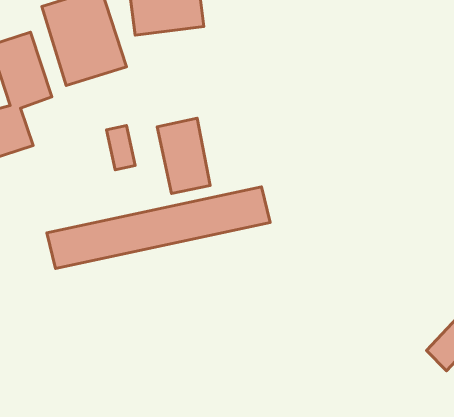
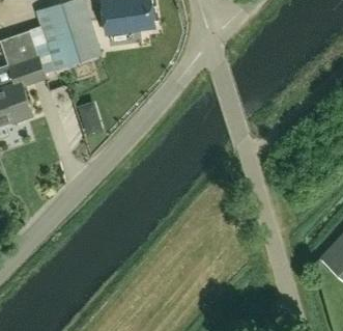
building: [157,118,210,193] -> none
building: [47,187,270,268] -> none

